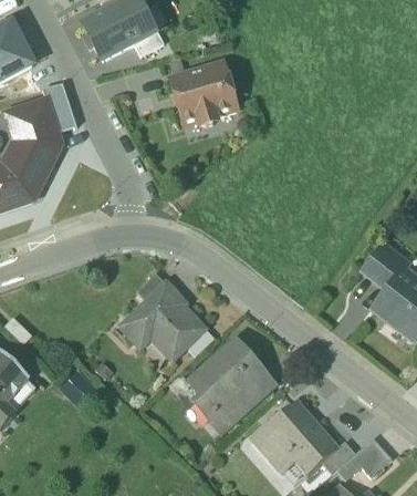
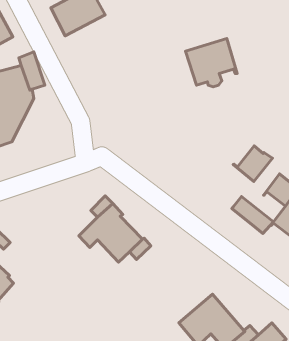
building: [169,62,237,125] -> [185,39,237,87]
building: none -> [233,146,272,182]
building: none -> [232,196,273,233]
building: [188,339,274,428] -> none

